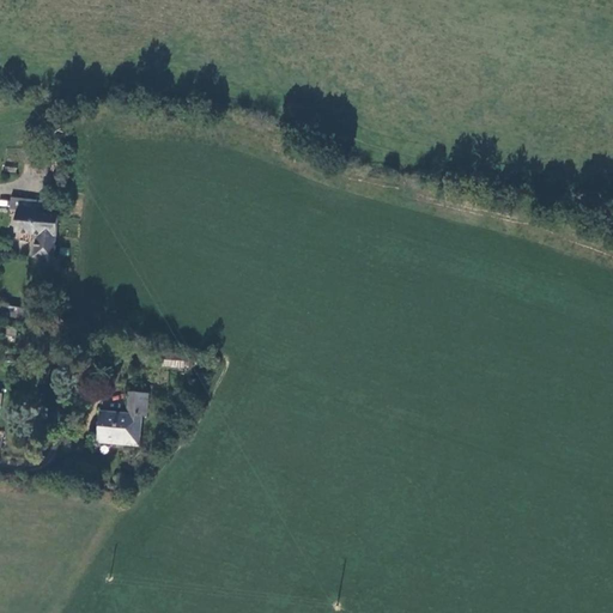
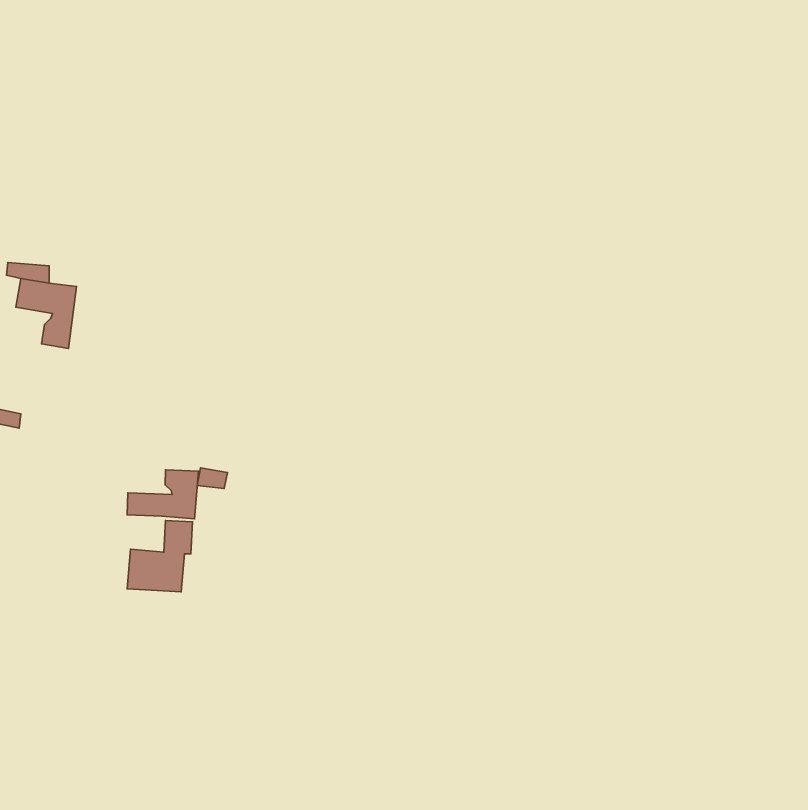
building: none -> [127,470,198,519]

